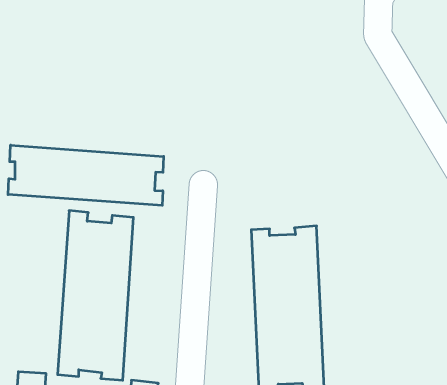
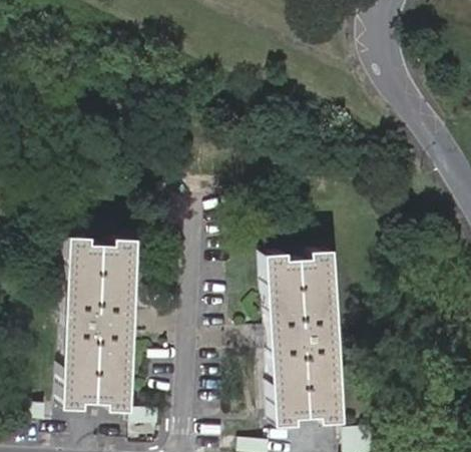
building: [8,145,164,205] -> none

